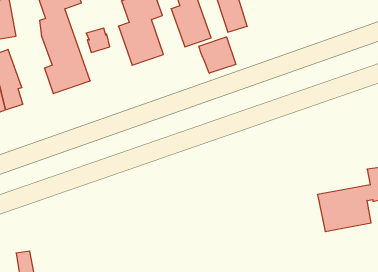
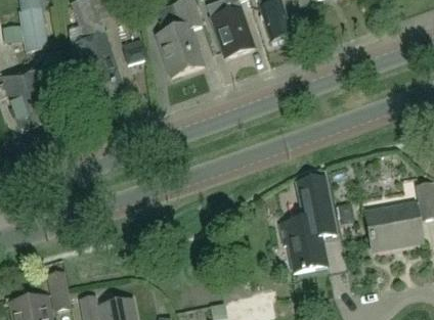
building: [199,37,236,73] -> none
building: none -> [280,177,336,271]

